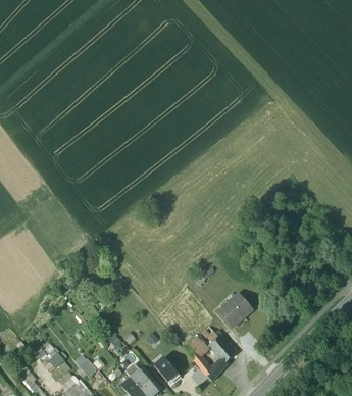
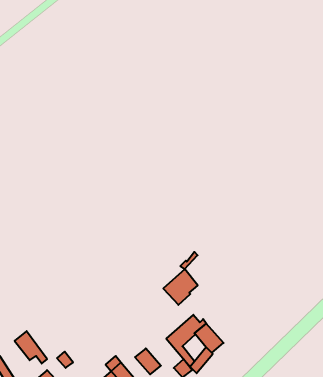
building: [217,293,250,327] -> [163,269,198,305]

